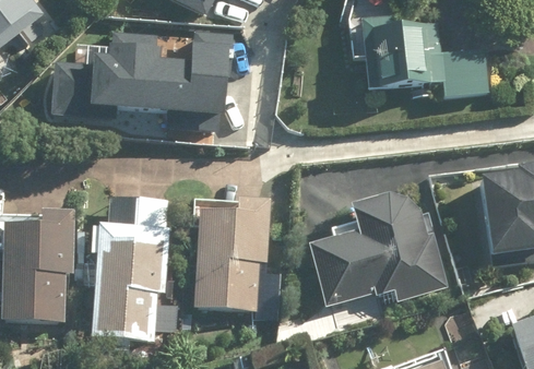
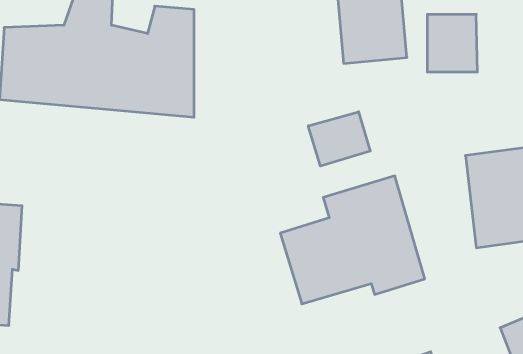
building: none -> [308,112,370,166]
building: [93,197,168,344] -> none
building: [190,200,270,312] -> none

